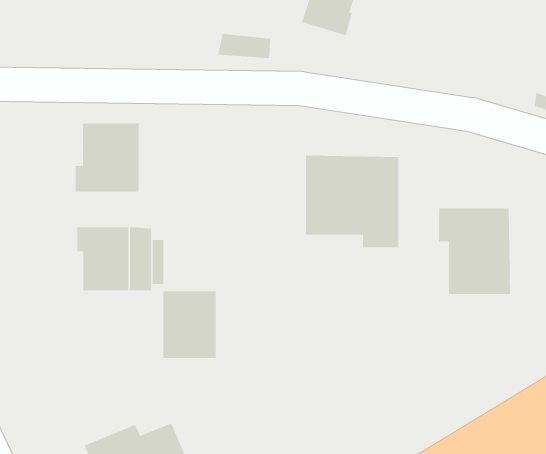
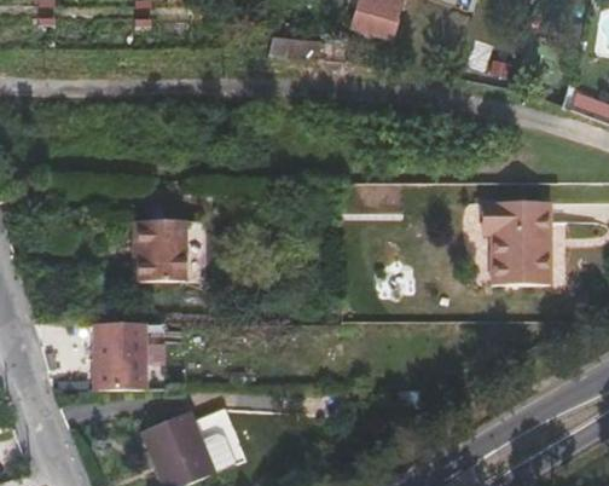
building: [75,123,139,193] -> none
building: [306,155,399,248] -> none
building: [162,291,216,359] -> [93,323,145,388]

